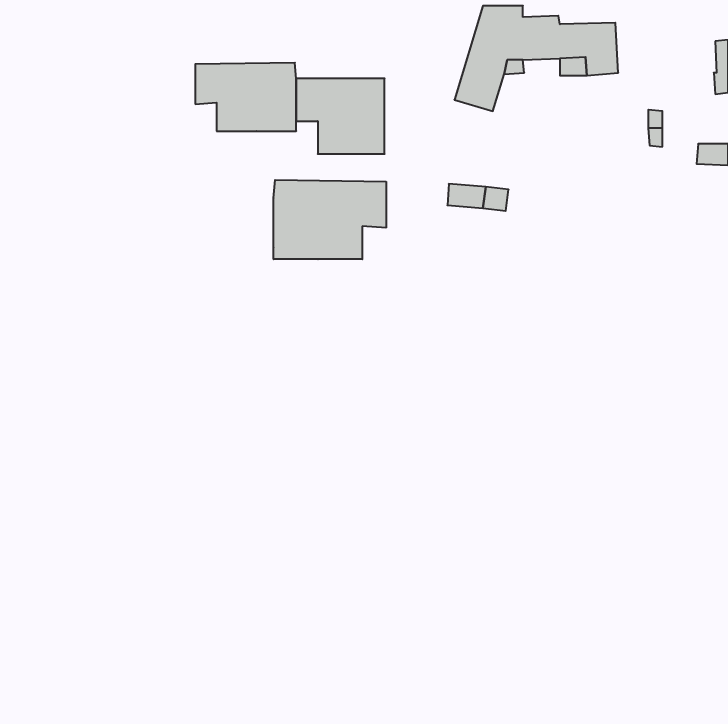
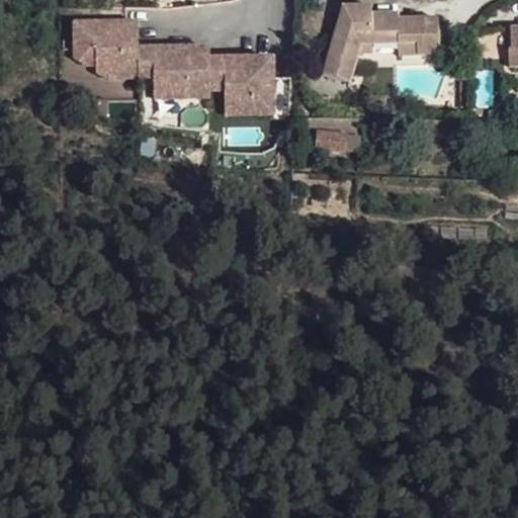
building: none -> [75,20,139,74]
building: [274,180,386,259] -> none

